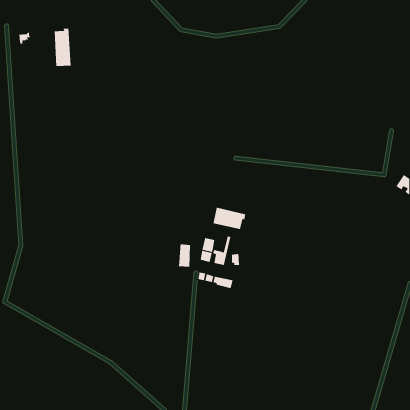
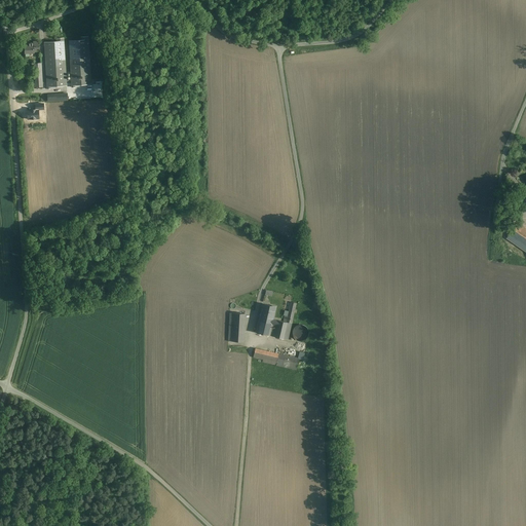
building: none -> [44,41,66,86]
building: [213,207,246,230] -> none

